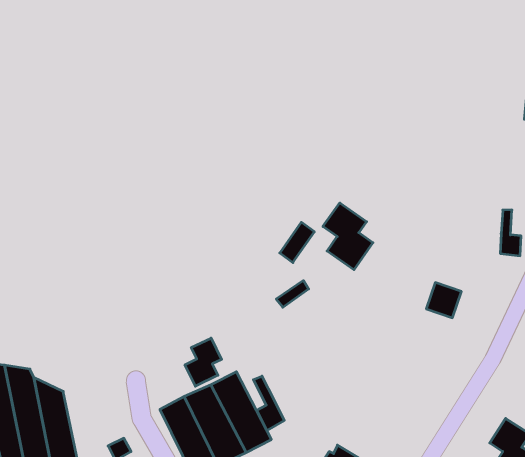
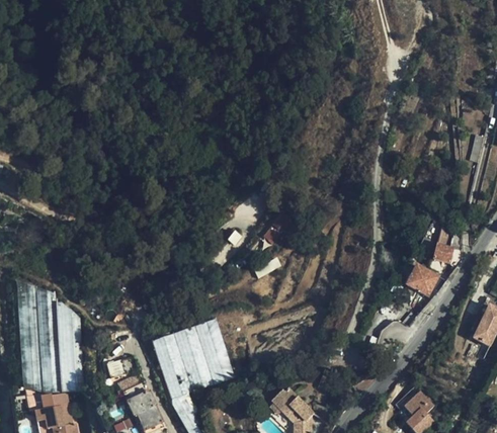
building: [323,203,373,270] -> none
building: [426,283,461,318] -> [409,266,438,295]
building: [185,338,222,386] -> none
building: [253,376,284,431] -> none

